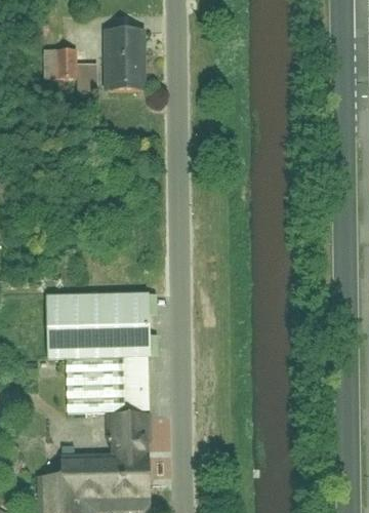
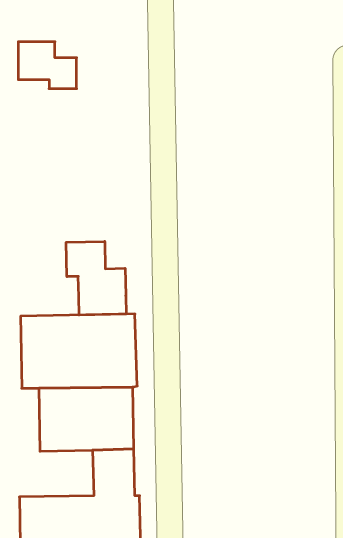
building: [104,29,146,90] -> none
building: none -> [66,241,126,315]

